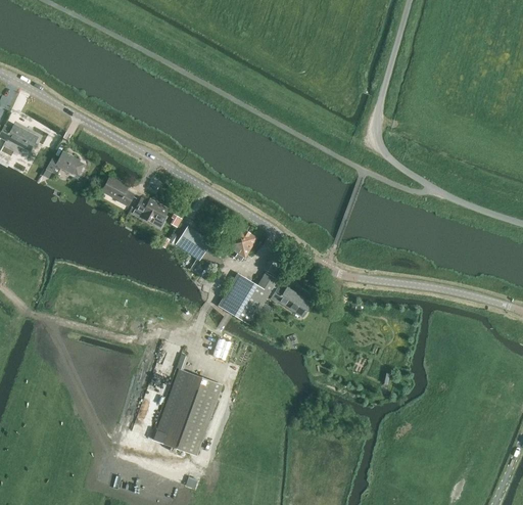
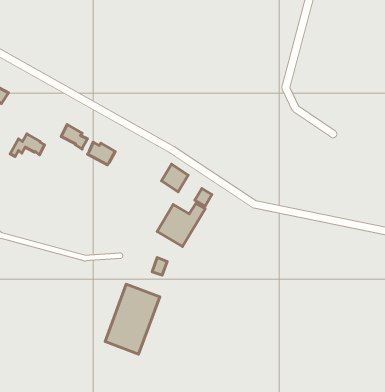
building: [42,150,84,178] -> [10,134,45,156]
building: [176,226,211,260] -> none
building: [271,287,311,316] -> none

